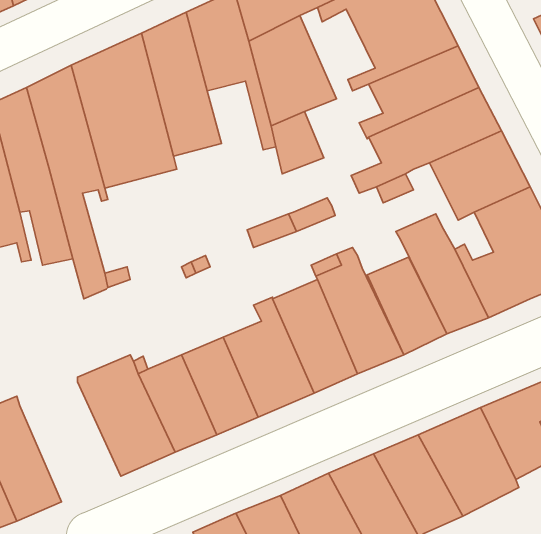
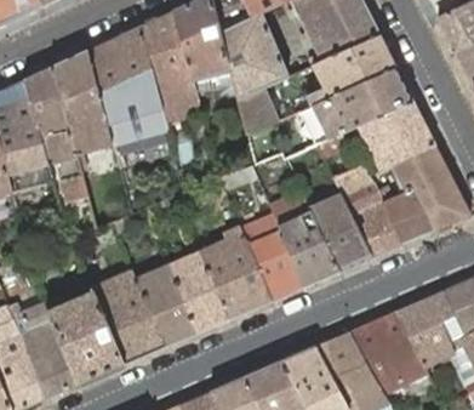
building: none -> [48,291,125,382]

